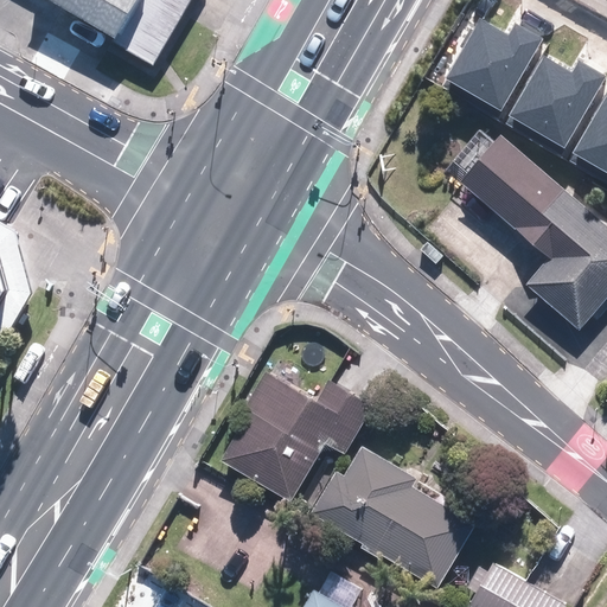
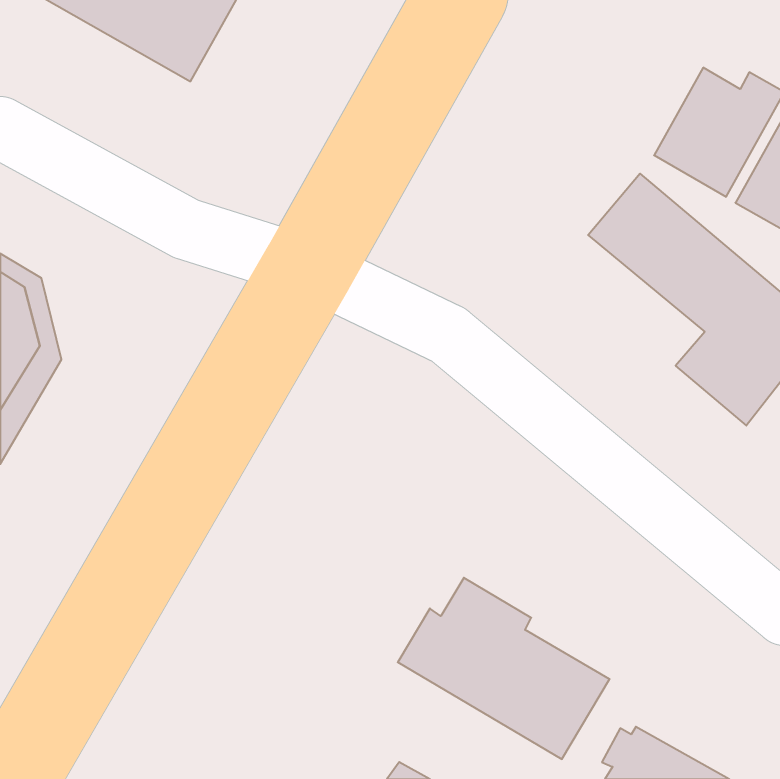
building: [445,14,547,114] -> none
building: [221,371,376,499] -> none

